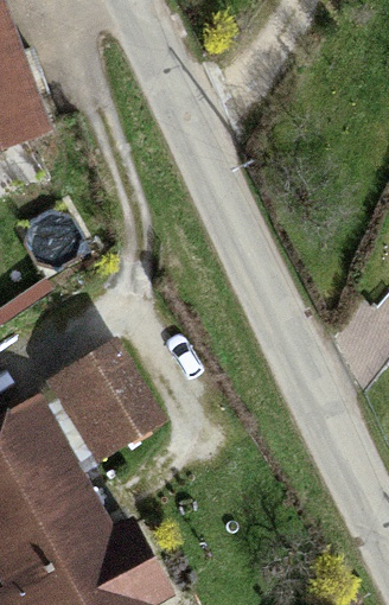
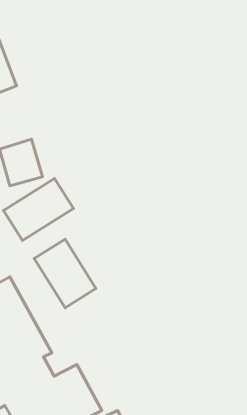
building: none -> [4,179,74,240]

